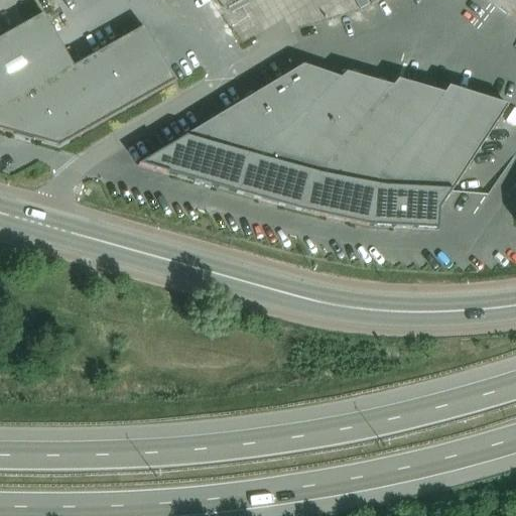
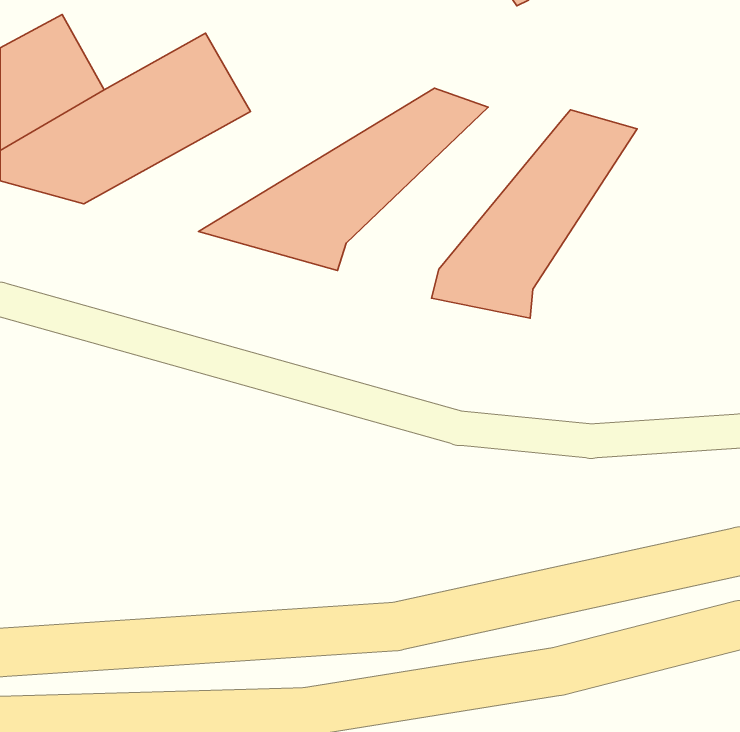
building: [235,69,392,208] -> none
building: [369,84,507,226] -> none

